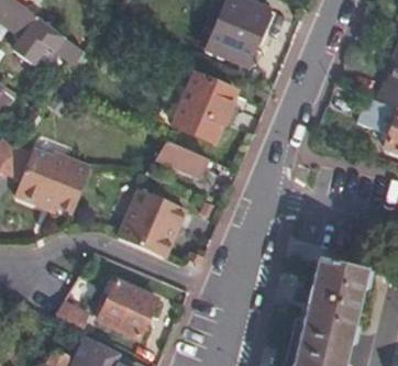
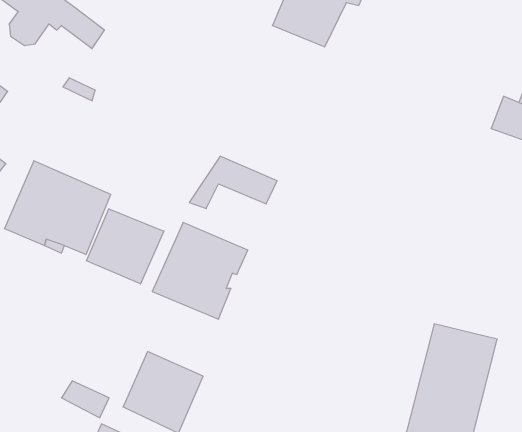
building: [172,75,235,142] -> none
building: none -> [86,209,164,284]

